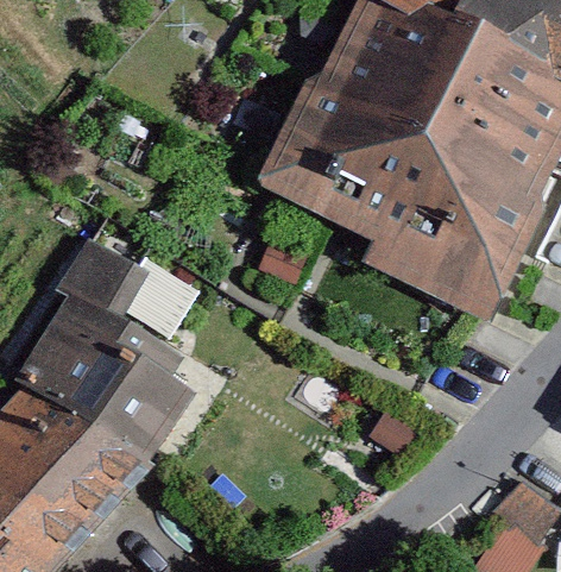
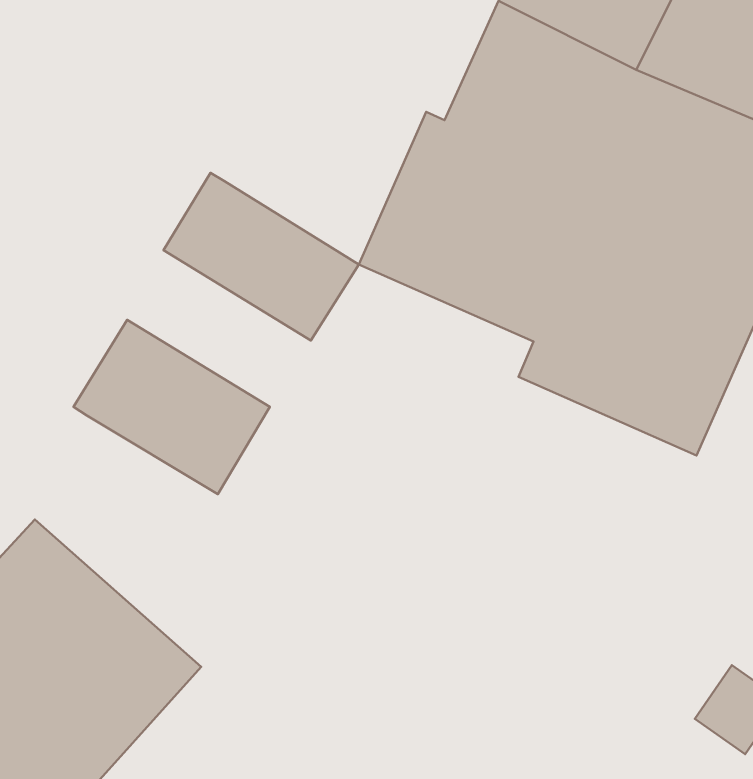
building: none -> [163,173,359,340]
building: [26,296,196,474] -> none

